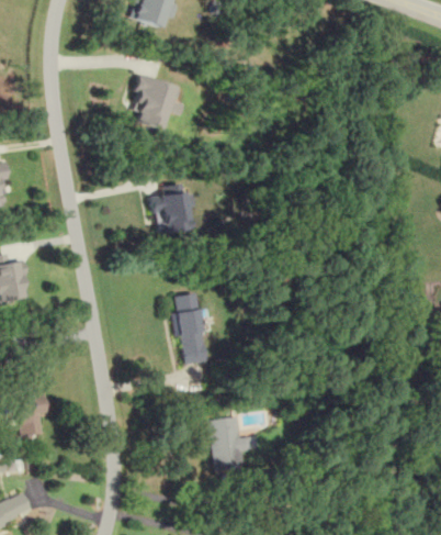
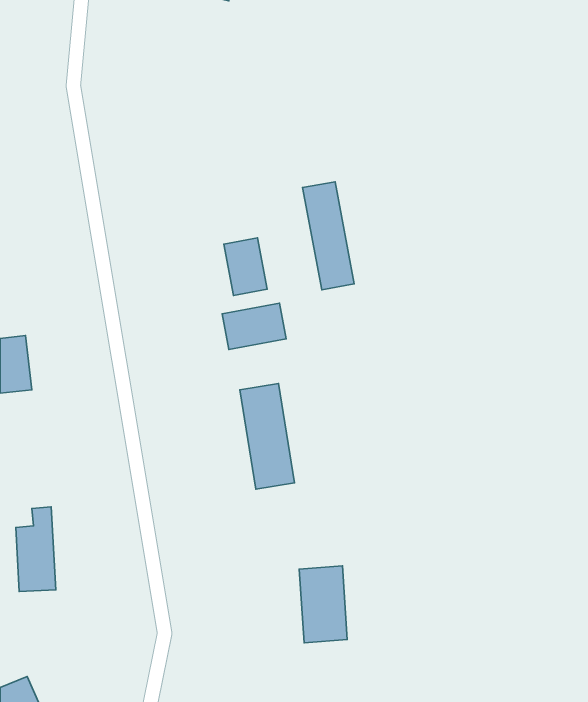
building: [133,76,186,131] -> none
building: none -> [303,182,354,290]
building: none -> [222,303,286,349]

